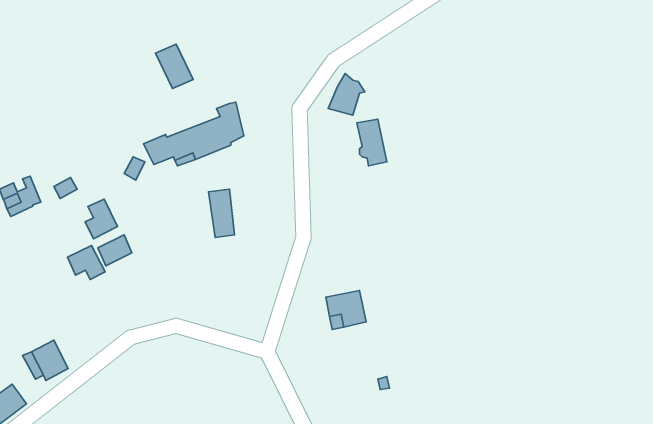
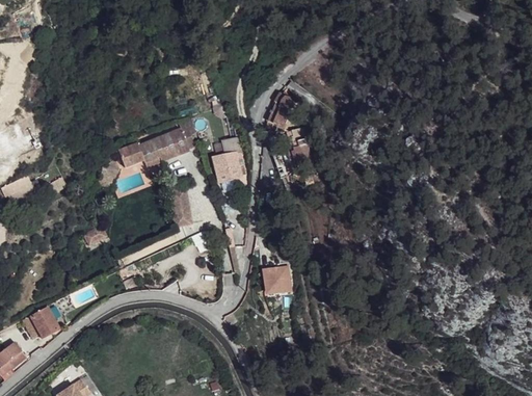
building: [155,44,193,89] -> none
building: none -> [213,153,241,182]
building: [85,199,118,239] -> none
building: [67,245,105,279] -> none

